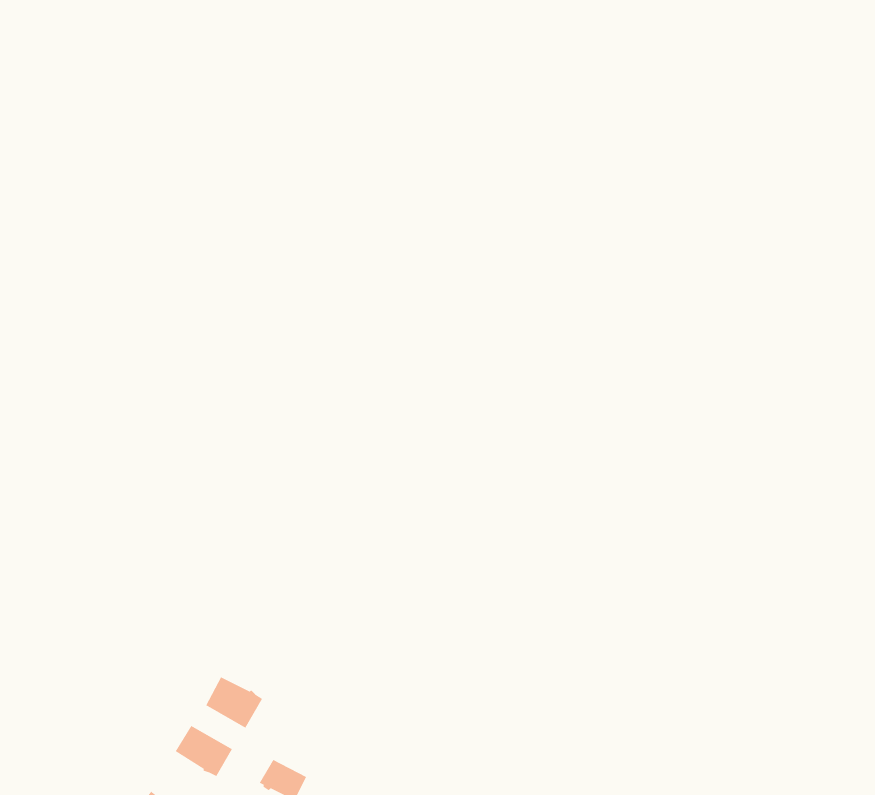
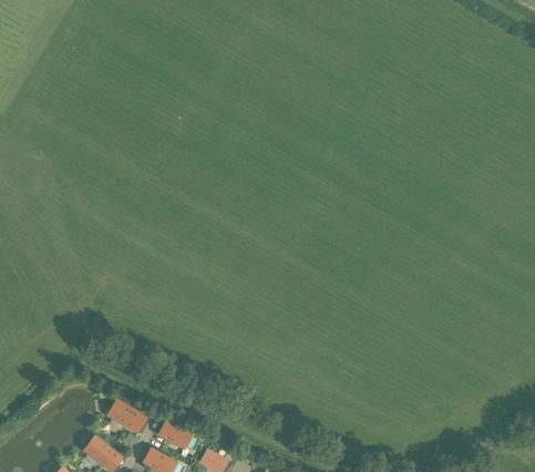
building: [205,677,263,728] -> none

